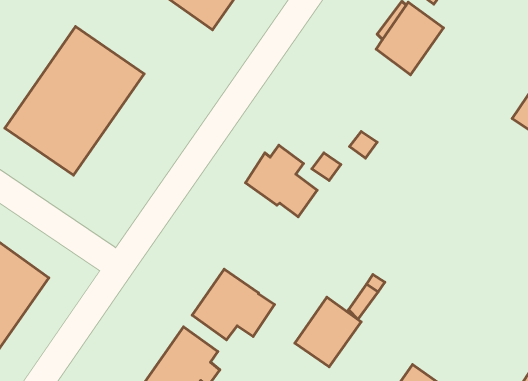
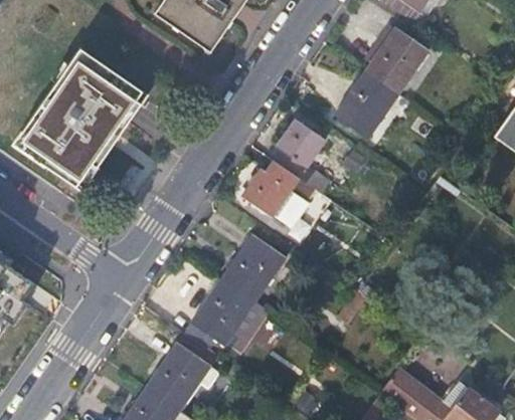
building: none -> [334,70,396,137]
building: none -> [273,118,325,178]
building: [295,297,361,367] -> [221,234,284,299]

